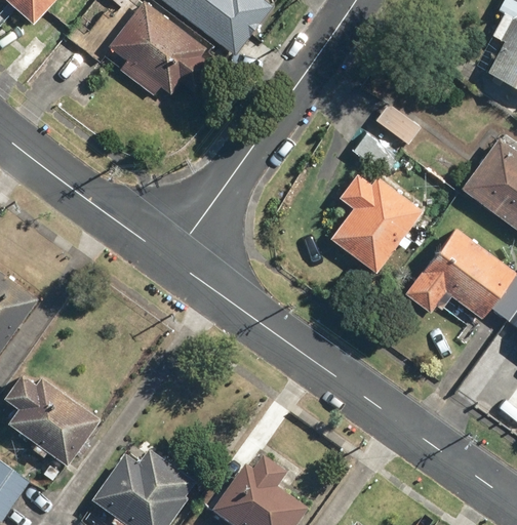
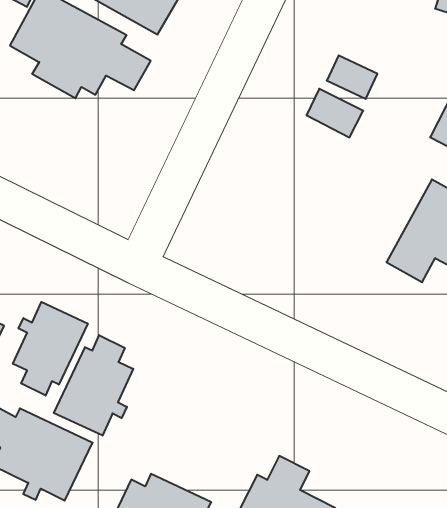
building: [326,174,421,275] -> none
building: none -> [13,302,88,396]
building: none -> [54,335,133,436]

